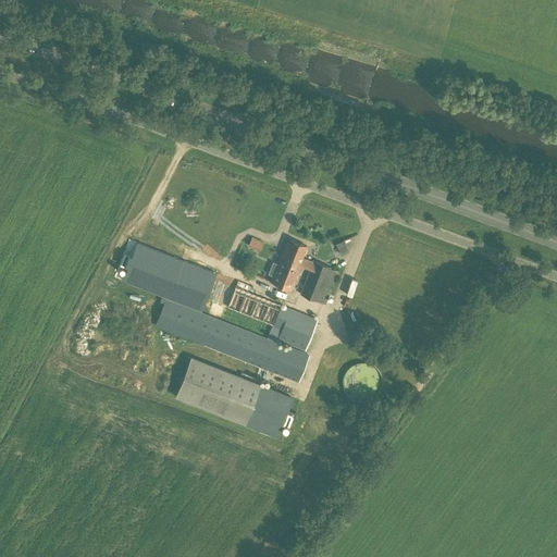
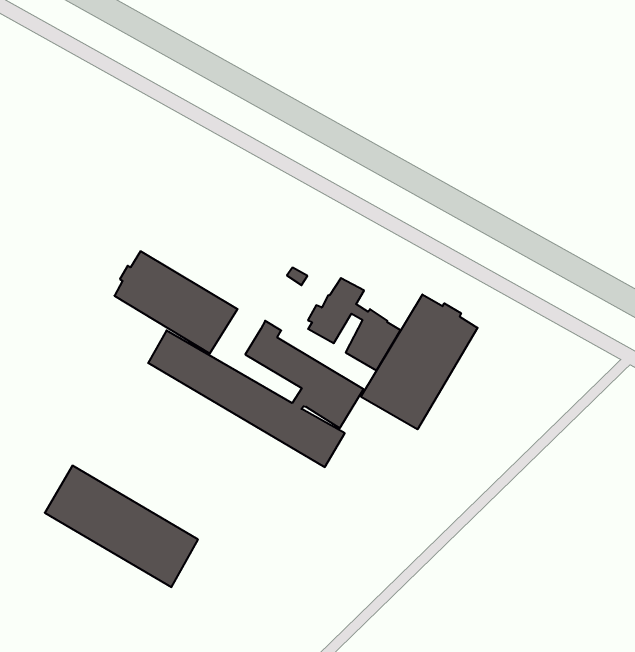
building: none -> [361,294,478,429]
building: [175,358,292,436] -> [45,466,198,587]

